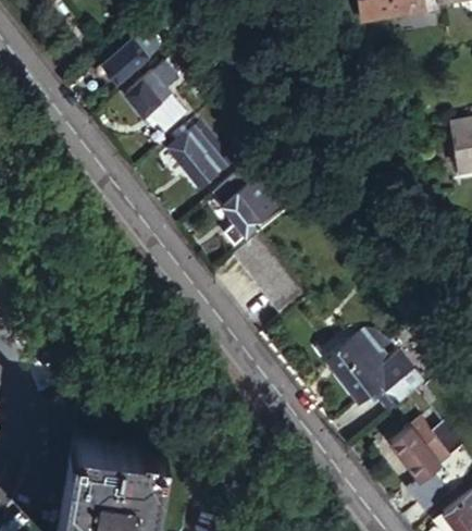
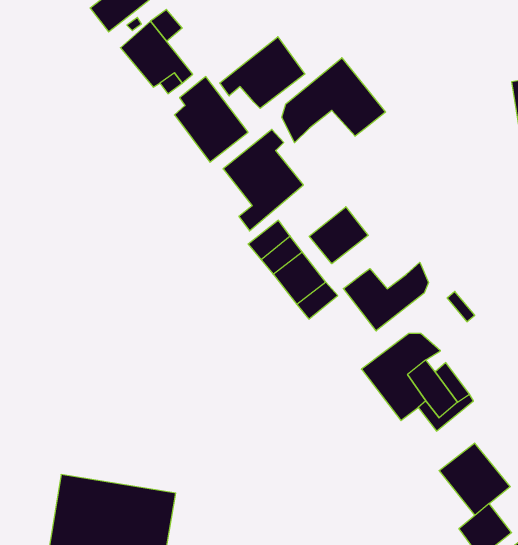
building: none -> [220,37,305,108]
building: none -> [282,58,386,143]
building: none -> [309,207,368,264]
building: none -> [343,262,428,331]

